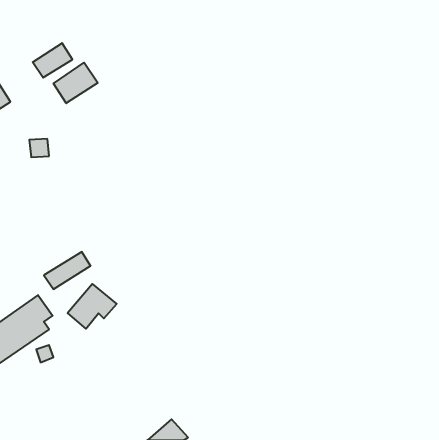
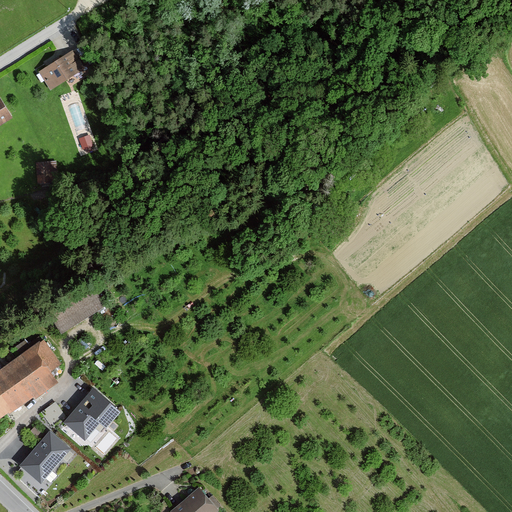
building: [54,63,98,103] -> none
building: [68,284,117,329] -> [62,388,119,440]
building: none -> [18,430,69,483]

